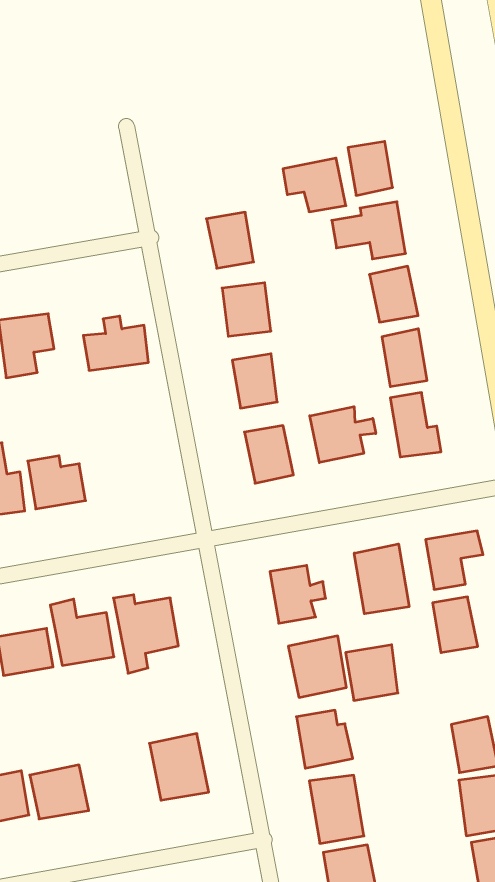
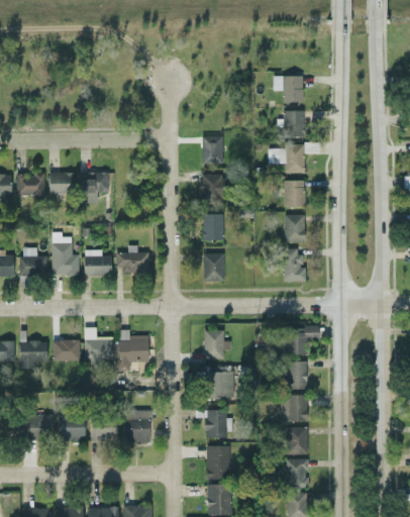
building: [283,158,346,212] -> [274,76,304,102]
building: [83,316,148,370] -> [116,245,149,273]
building: [310,407,376,463] -> none
building: [354,544,409,614] -> none
building: [346,645,398,700] -> [283,395,308,421]
building: none -> [91,418,119,441]

